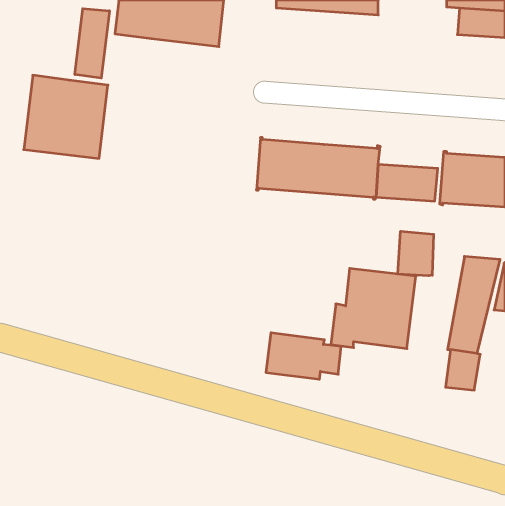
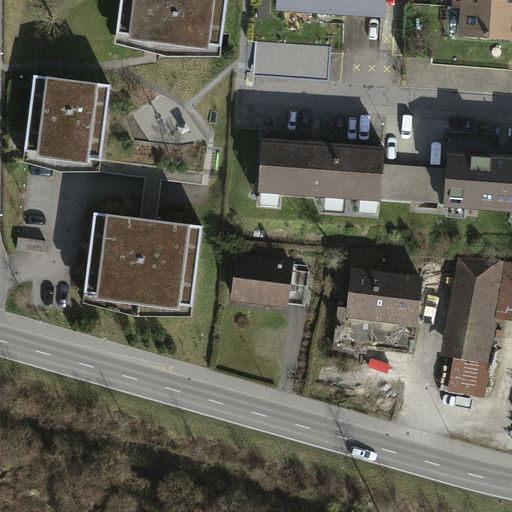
building: [75,9,109,78] -> none
building: none -> [253,43,330,78]
building: none -> [84,213,202,307]
building: [398,231,434,276] -> none
building: [266,333,341,379] -> [232,257,308,304]

